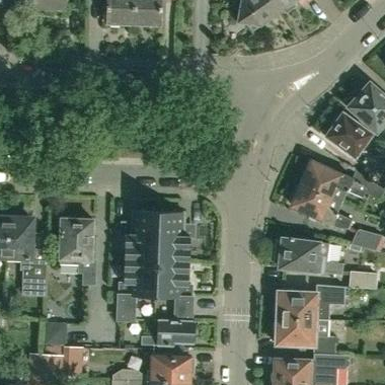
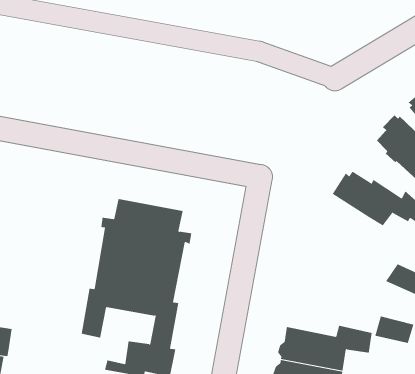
building: [290,182,351,228] -> none
building: [59,216,96,286] -> none
building: [273,236,341,274] -> none

